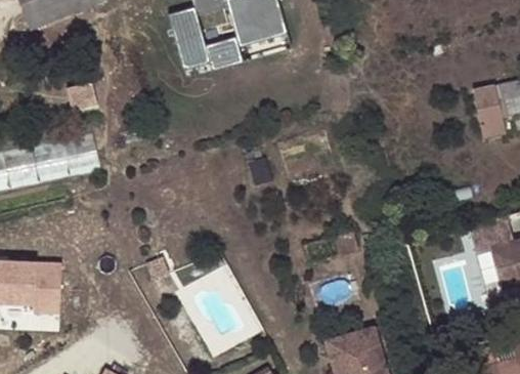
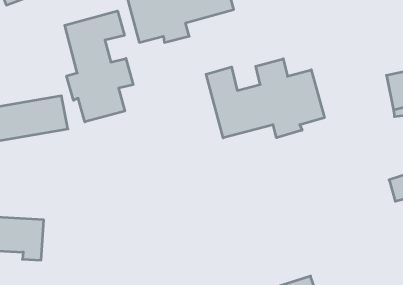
building: none -> [65,11,133,122]
building: none -> [206,59,324,138]

